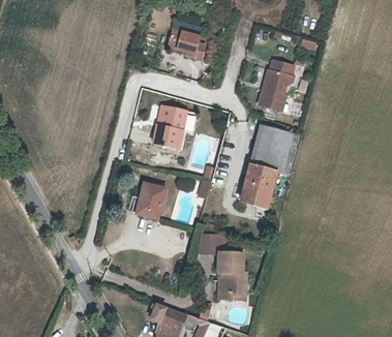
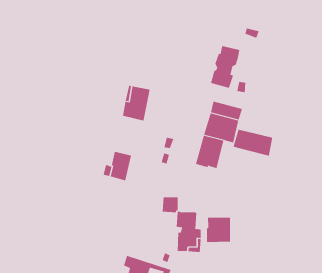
building: [167,29,203,59] -> none
building: none -> [233,129,273,157]
building: none -> [206,217,231,243]

